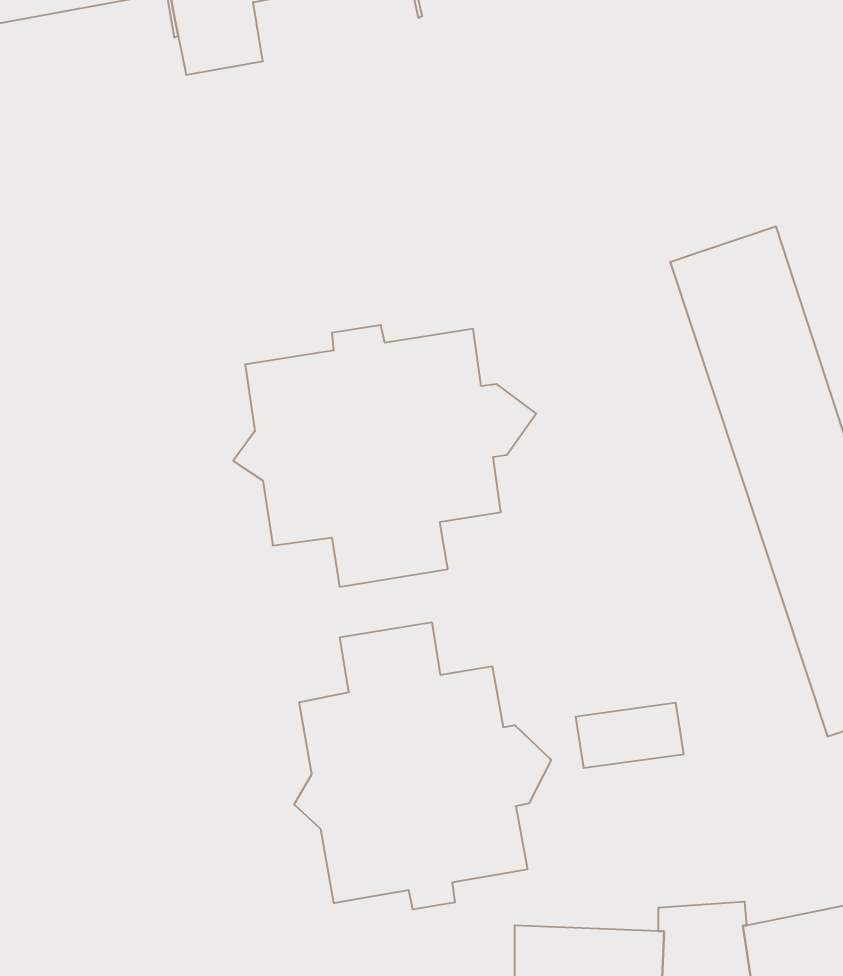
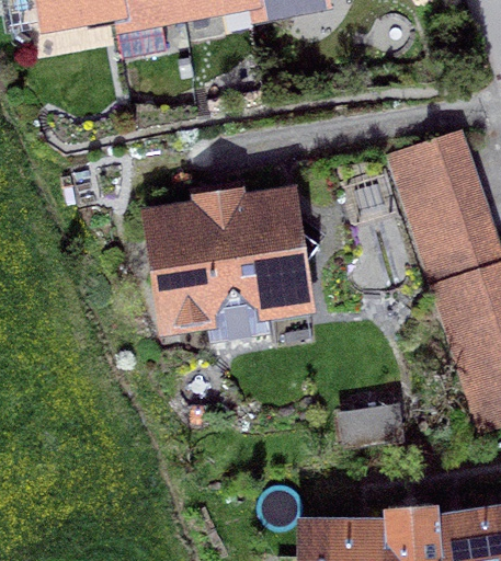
building: [294,622,551,910] -> none

